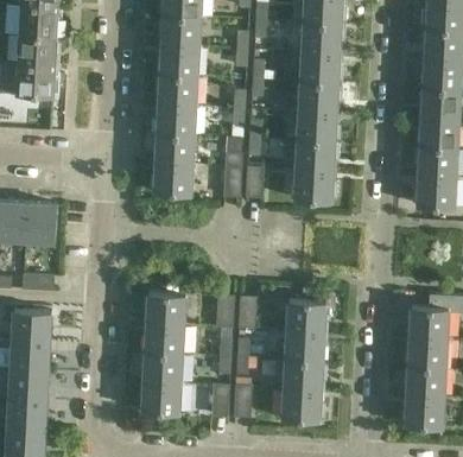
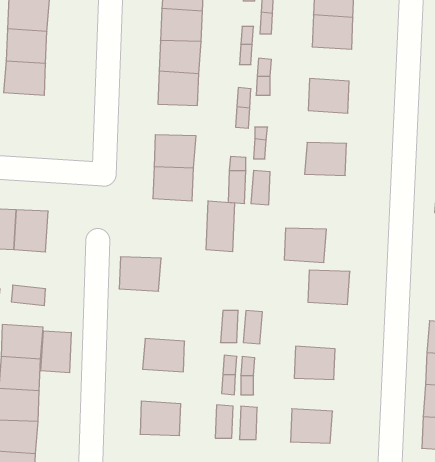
building: [299,51,338,83] -> none
building: [156,104,195,134] -> none
building: [297,110,335,141] -> none
building: [293,170,332,202] -> [284,228,326,262]
building: none -> [206,201,235,252]
building: [146,293,185,325] -> [119,257,161,291]
building: [286,300,325,332] -> [308,270,350,305]
building: none -> [41,331,71,373]
building: [142,351,182,383] -> none
building: [283,360,322,391] -> none

